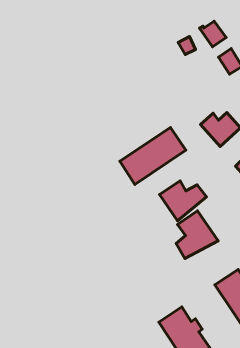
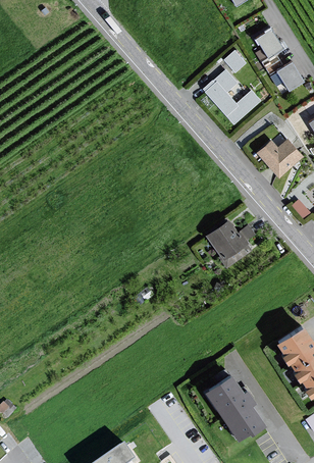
building: none -> [202,69,261,124]
building: [120,128,186,185] -> none
building: [176,211,218,259] -> none

